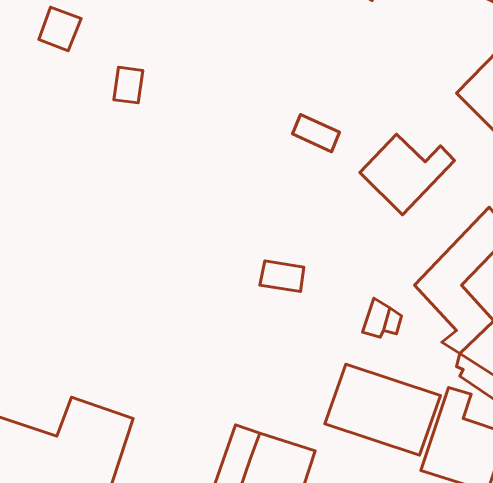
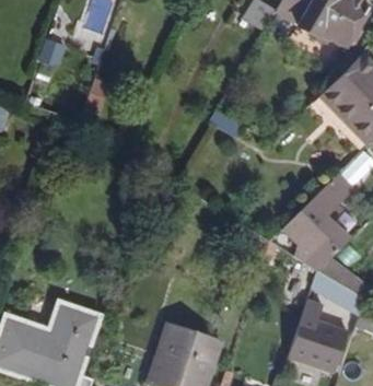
building: [360,134,454,215] -> none
building: [325,364,440,455] -> none

